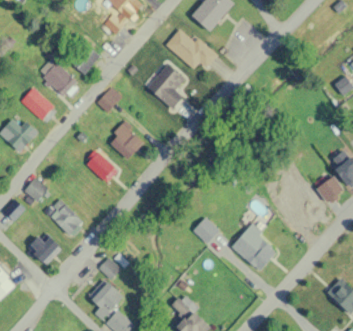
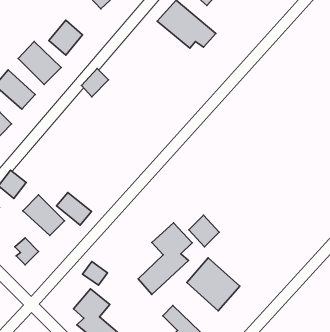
building: [145,62,186,109] -> none
building: [104,122,144,163] -> none
building: [86,153,117,182] -> [57,192,92,225]
building: none -> [138,223,192,295]
building: [231,225,278,272] -> [187,258,240,311]

